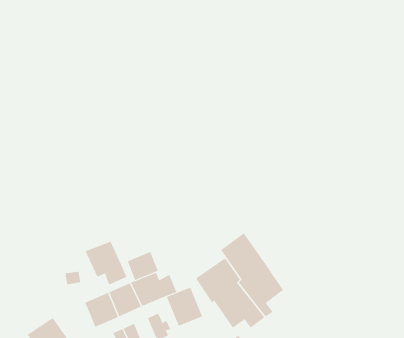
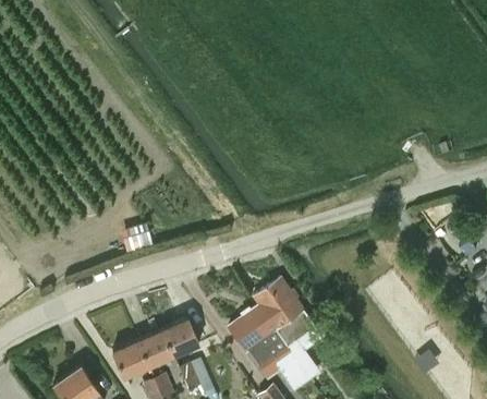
building: [85,241,127,285] -> none
building: [127,251,158,281] -> none
building: [166,287,203,326] -> none

